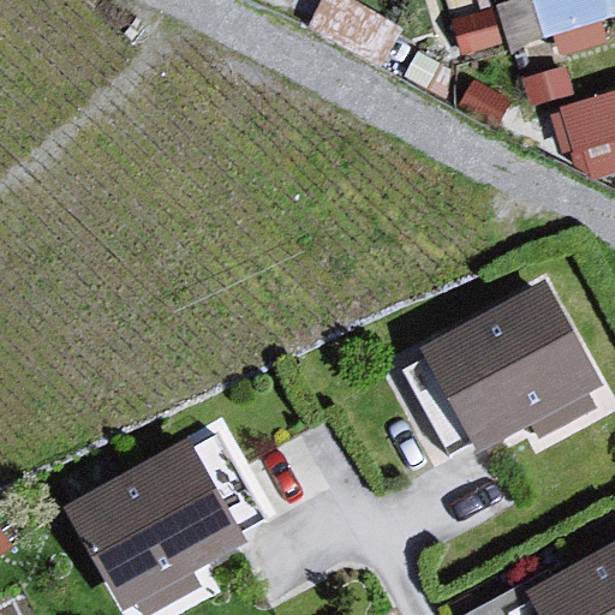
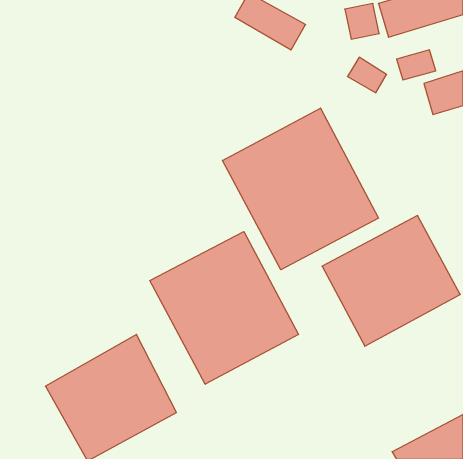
building: none -> [222,108,378,270]
building: none -> [150,232,298,384]

